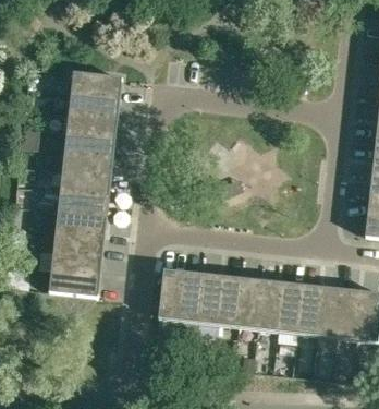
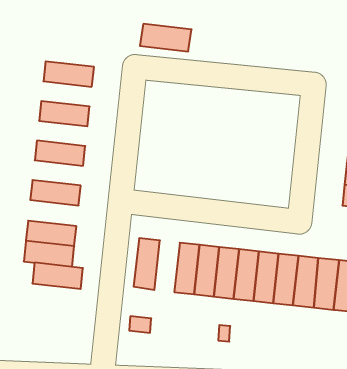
building: [71,72,122,99] -> [140,24,192,51]
building: [66,113,117,139] -> none
building: [62,153,112,178] -> none
building: [58,192,108,217] -> none
building: [53,231,103,257] -> [32,263,83,289]
building: [179,272,204,323] -> none

